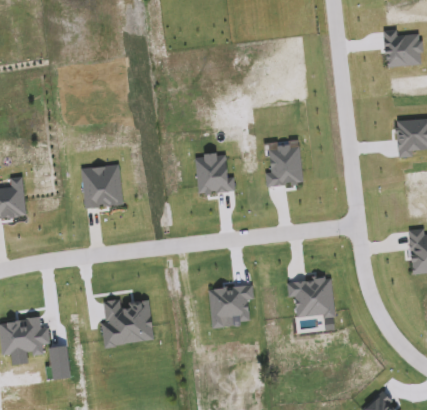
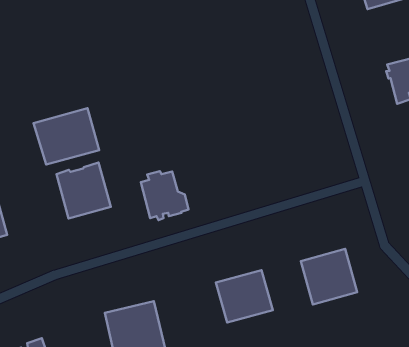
building: none -> [33,108,99,165]
building: [264,138,303,187] -> none
building: [196,151,235,195] -> [141,171,189,220]

